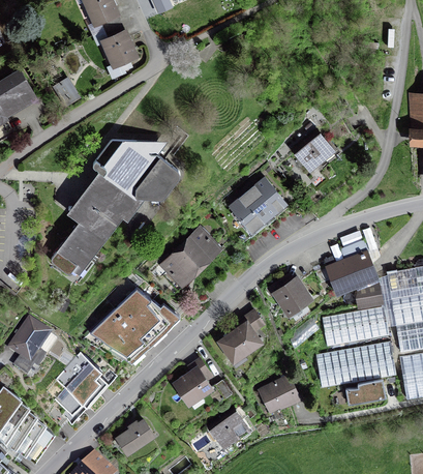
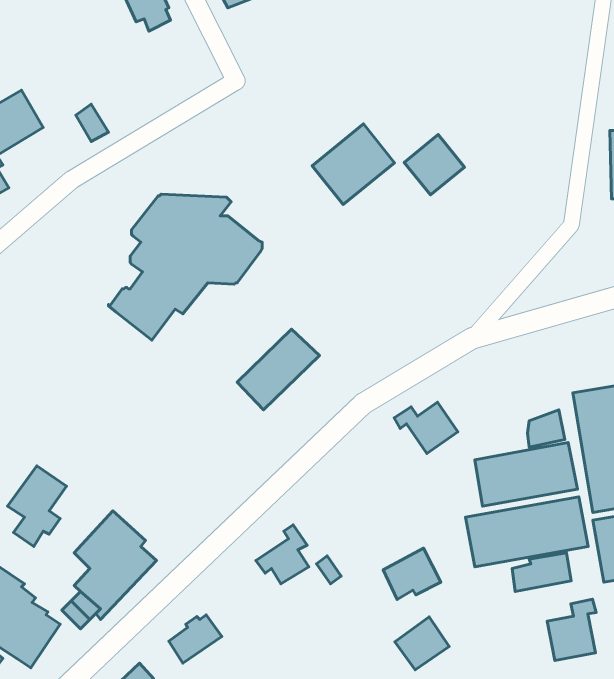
building: [103,24,137,66] -> none
building: [294,130,334,171] -> [404,134,465,195]
building: [231,177,285,231] -> [312,124,395,205]
building: [52,218,107,274] -> none
building: [326,245,375,293] -> none
building: [90,288,170,355] -> none
building: [220,310,264,360] -> none
building: [210,409,246,444] -> [395,617,449,670]
building: none -> [547,599,596,660]

